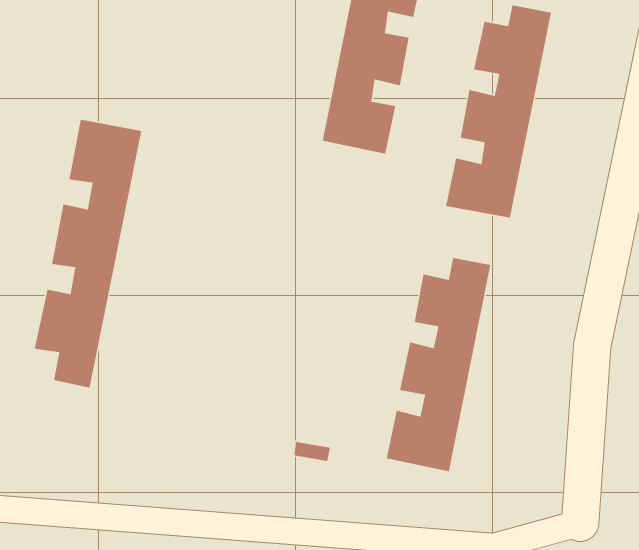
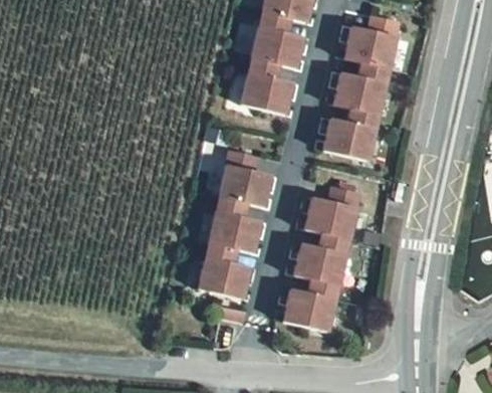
building: [34,119,142,388] -> none
building: none -> [200,151,269,299]

